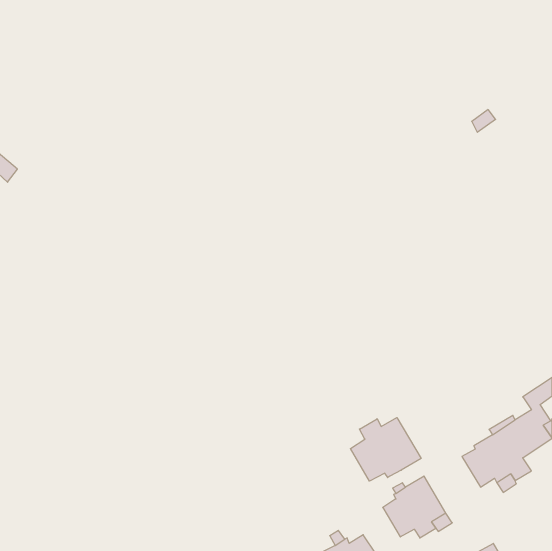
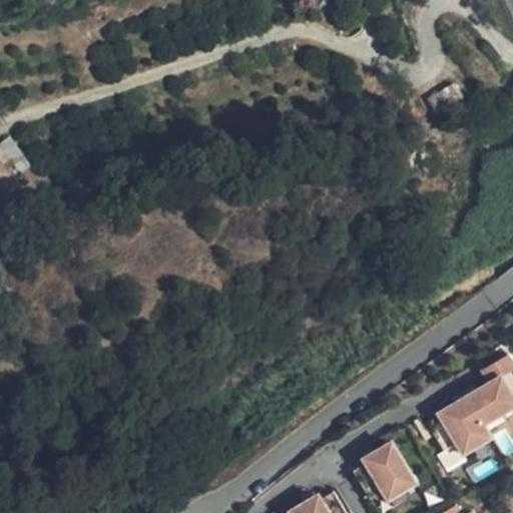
building: [350,418,421,481] -> none

